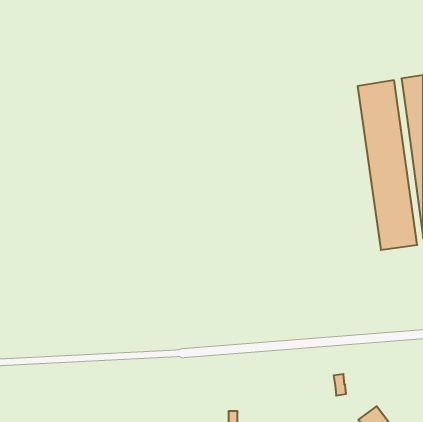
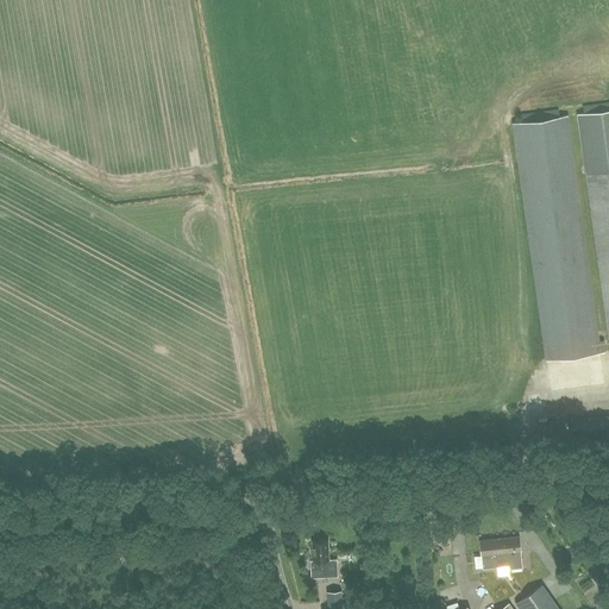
building: none -> [494,536,521,567]
building: none -> [310,541,338,578]

